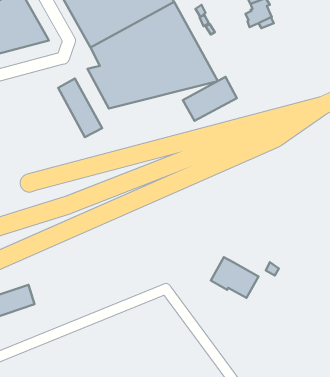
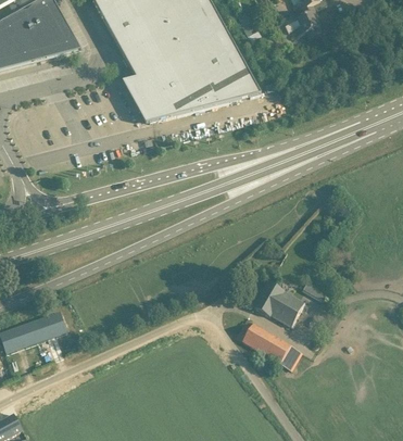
building: [183,77,237,121] -> none
building: [58,78,102,137] -> none
building: none -> [236,317,291,362]

